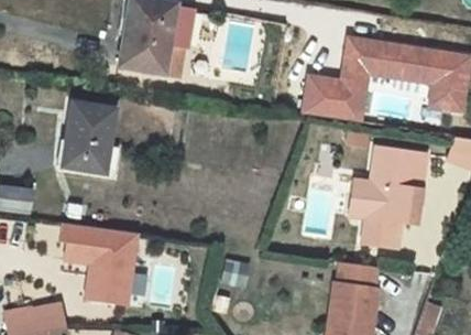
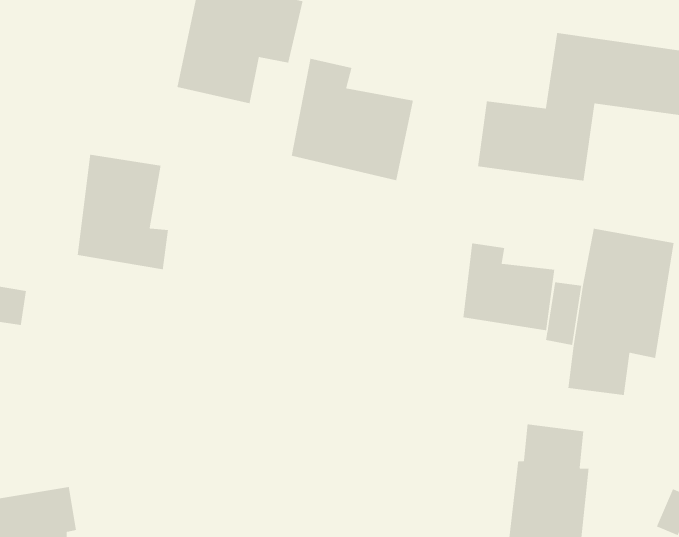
building: none -> [291,58,414,181]
building: none -> [463,243,555,331]
building: [64,221,144,307] -> none

